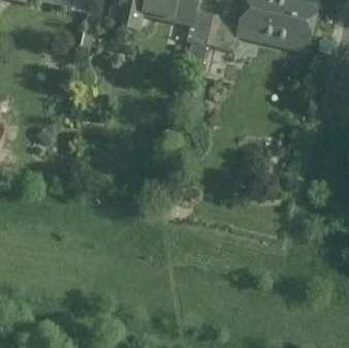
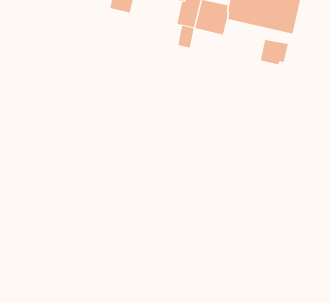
building: none -> [260,39,289,65]

